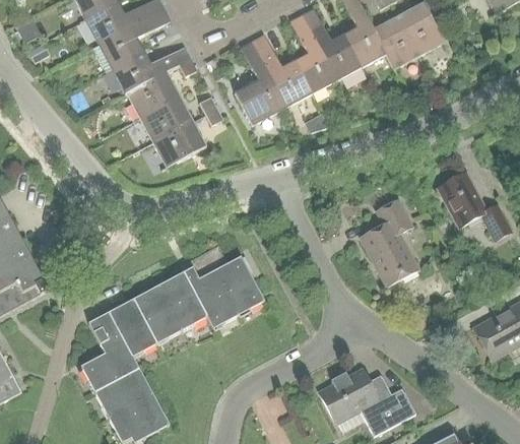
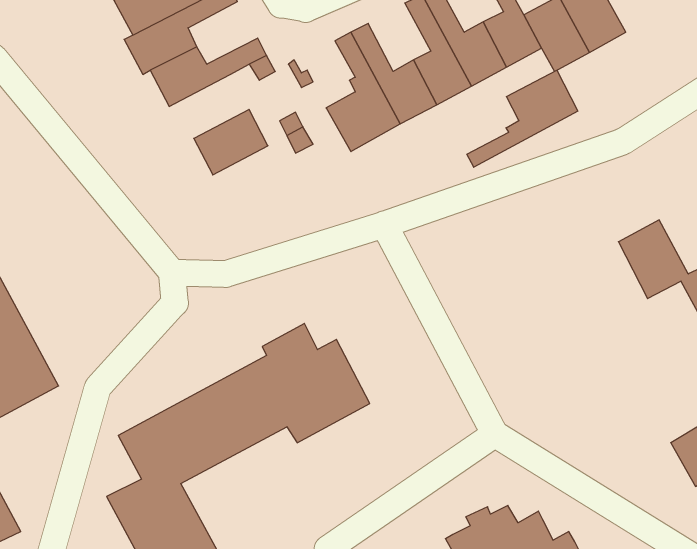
building: none -> [467,70,578,167]
building: [128,71,180,116] -> none
building: [154,121,206,167] -> none
building: [361,199,418,286] -> none

